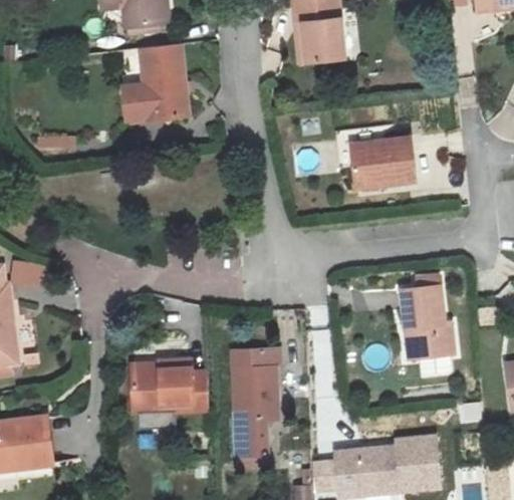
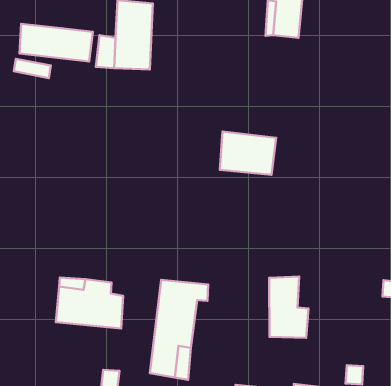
building: none -> [19,24,93,62]
building: [350,138,412,183] -> [220,131,276,175]
building: [403,285,454,356] -> [269,276,308,338]

